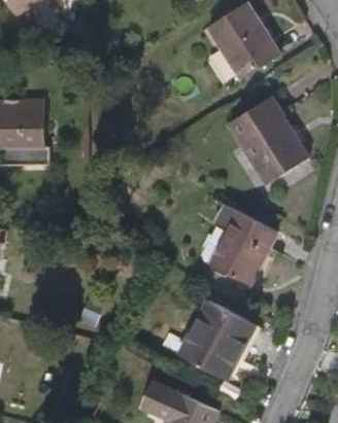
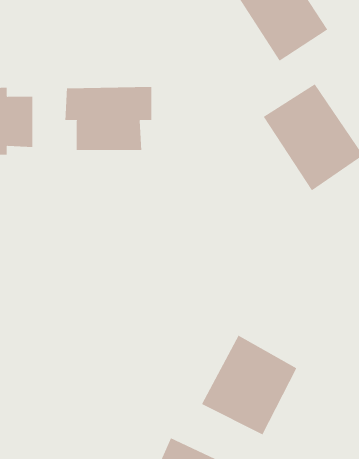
building: none -> [65,86,152,151]
building: [210,205,278,284] -> none

